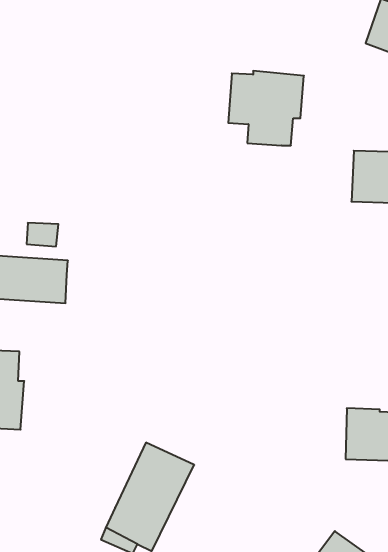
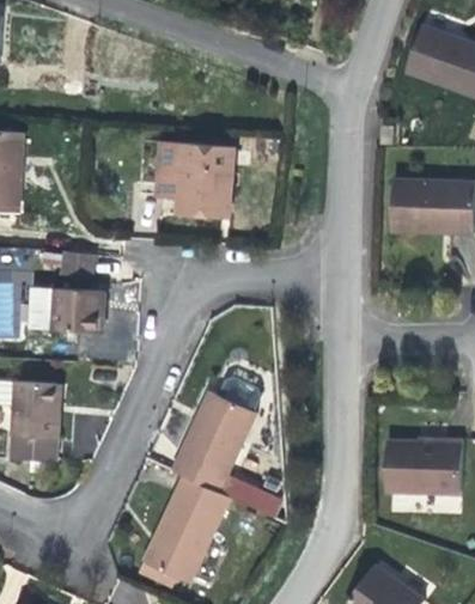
building: [228,71,304,145] -> [158,142,235,218]
building: none -> [172,391,256,505]

